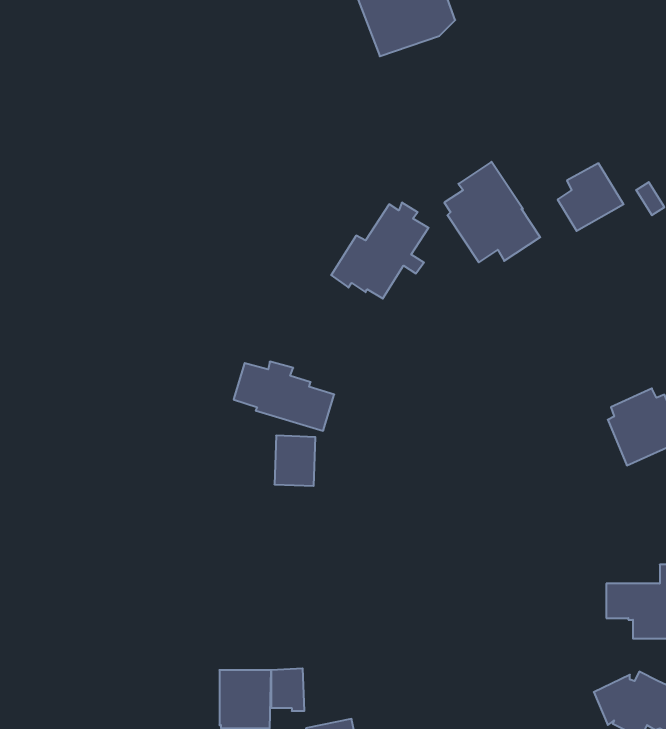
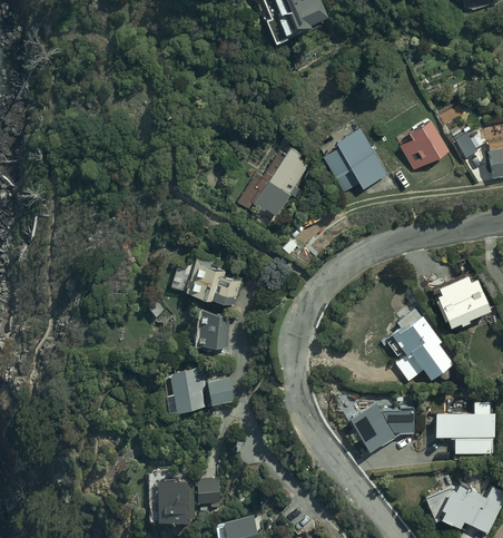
building: none -> [388,310,453,384]
building: none -> [166,365,237,410]
building: none -> [349,403,414,456]

